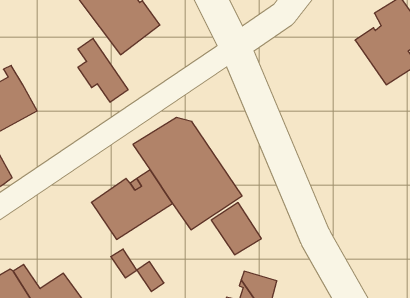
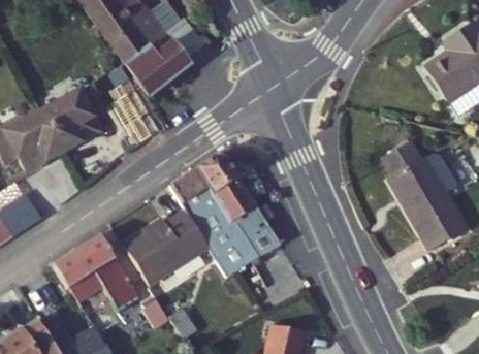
building: none -> [37,83,104,150]
building: none -> [371,147,457,255]
building: none -> [55,236,141,316]

